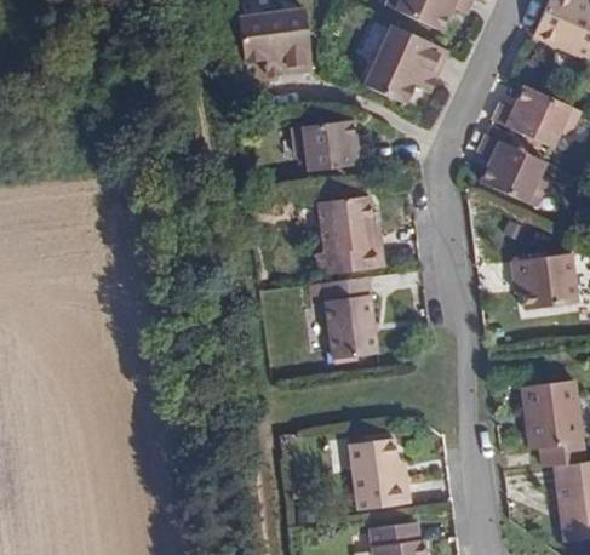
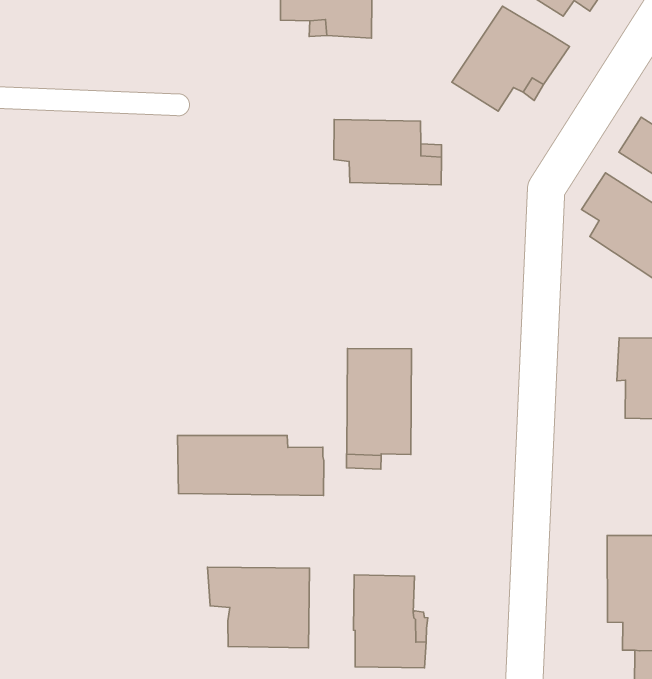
building: [316,195,384,274] -> none
building: none -> [178,435,324,496]
building: none -> [208,567,310,648]

